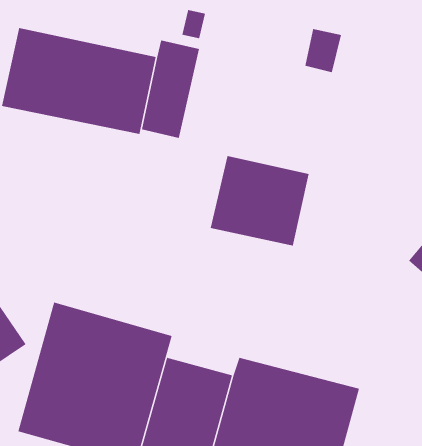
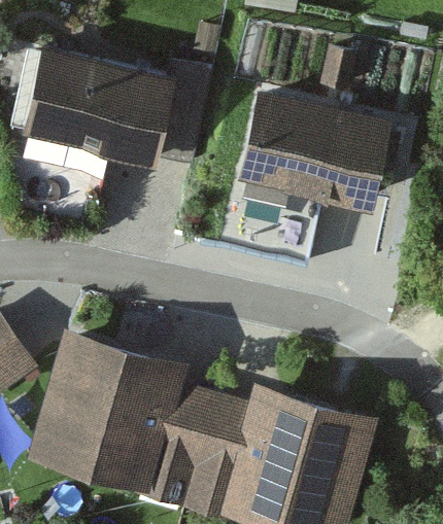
building: none -> [242,92,394,207]

